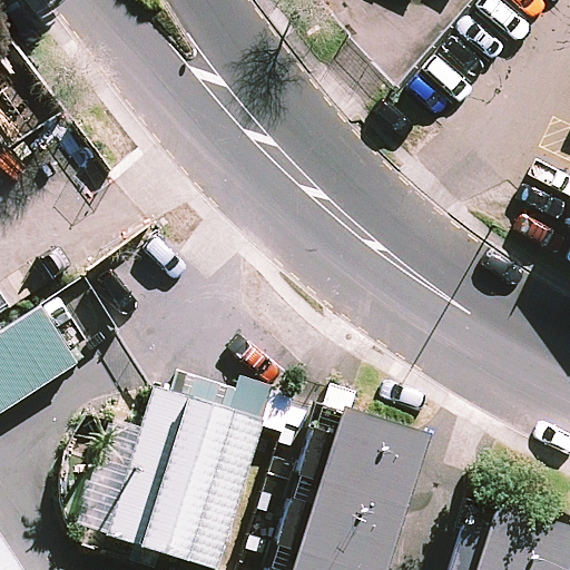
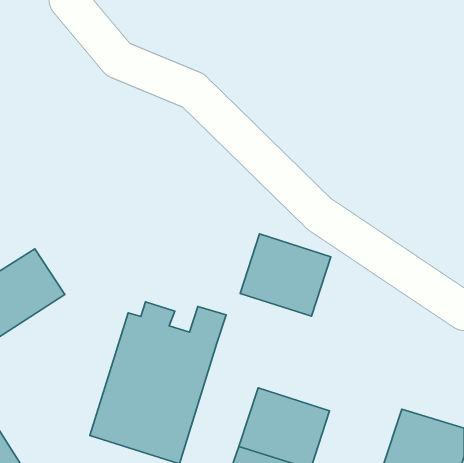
building: [314,405,424,505] -> [240,234,331,316]

